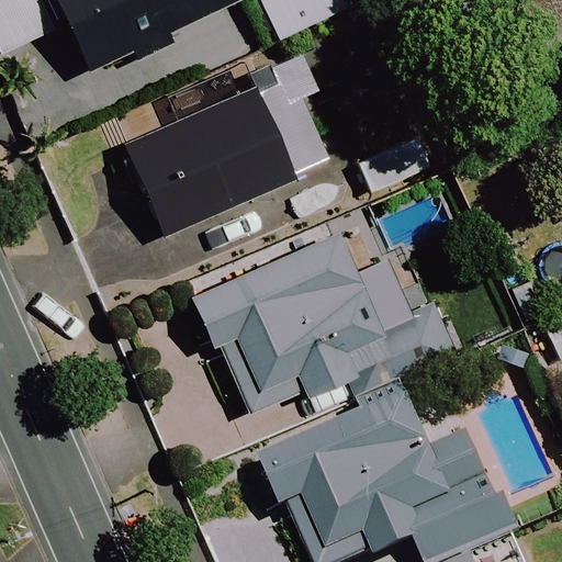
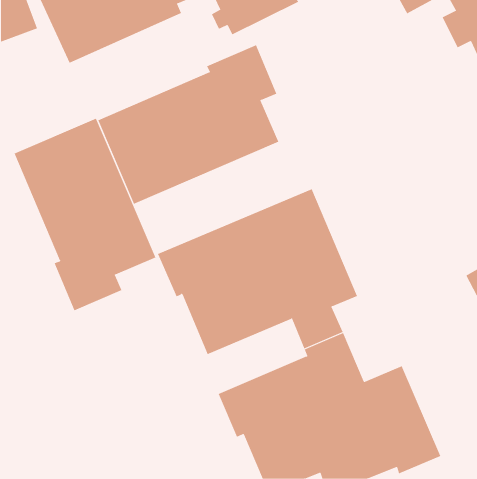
building: none -> [14,118,156,311]

